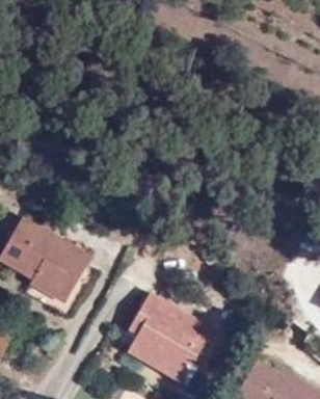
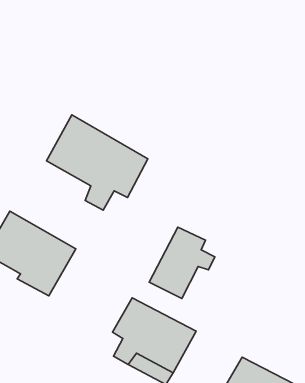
building: none -> [46,115,148,210]
building: none -> [149,227,215,298]

